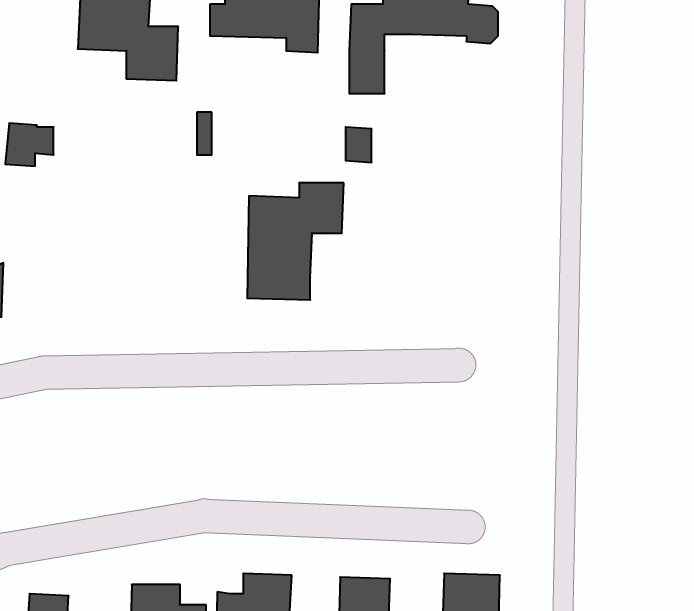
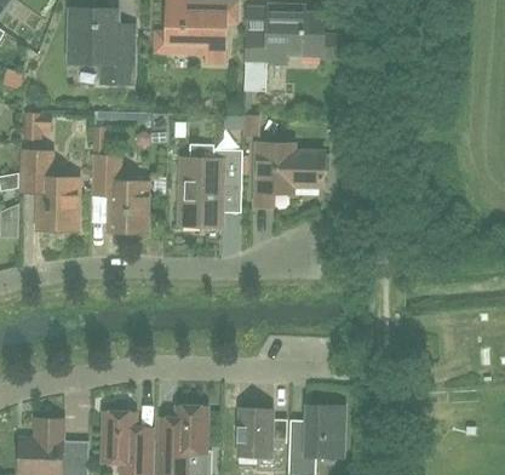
building: none -> [93,126,145,231]
building: none -> [254,144,329,207]
building: none -> [23,150,78,230]

